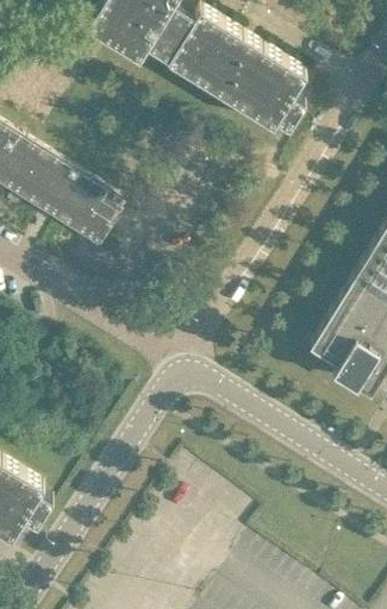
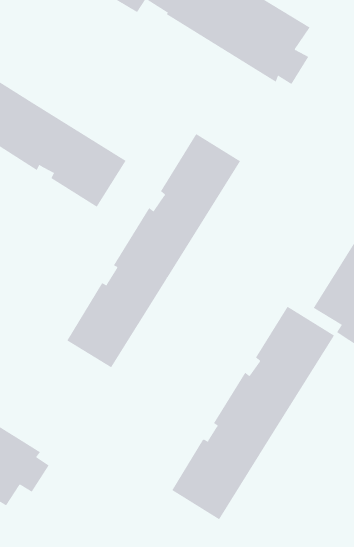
building: none -> [66,133,241,368]
building: none -> [171,306,335,520]

